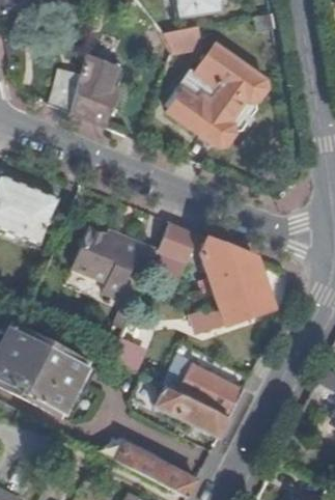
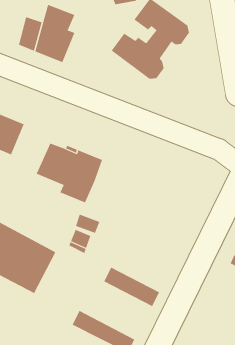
building: [146,221,199,288] -> none
building: [194,237,273,331] -> none
building: [162,354,244,418] -> none

